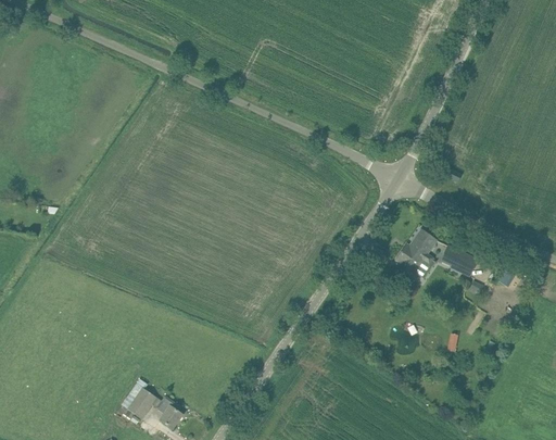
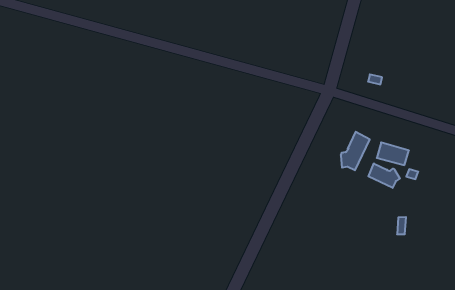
building: none -> [368,163,400,188]

